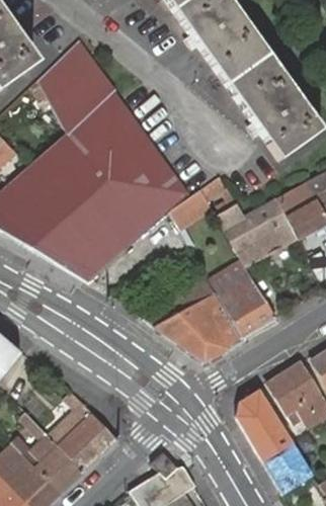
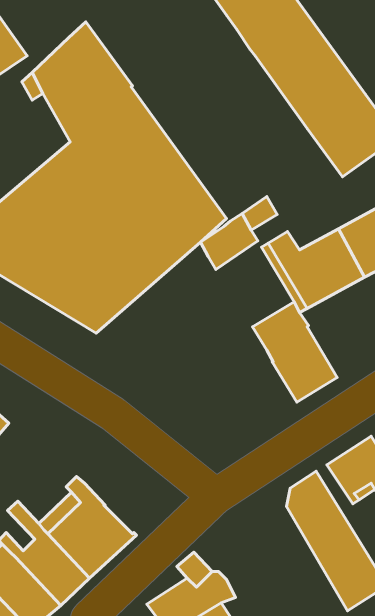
building: [142,274,241,362] -> none

